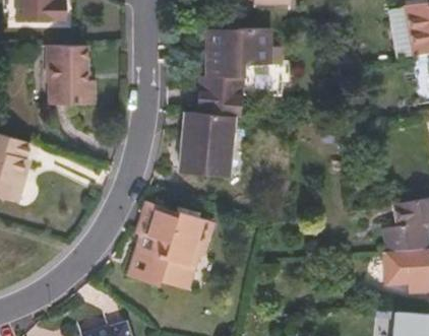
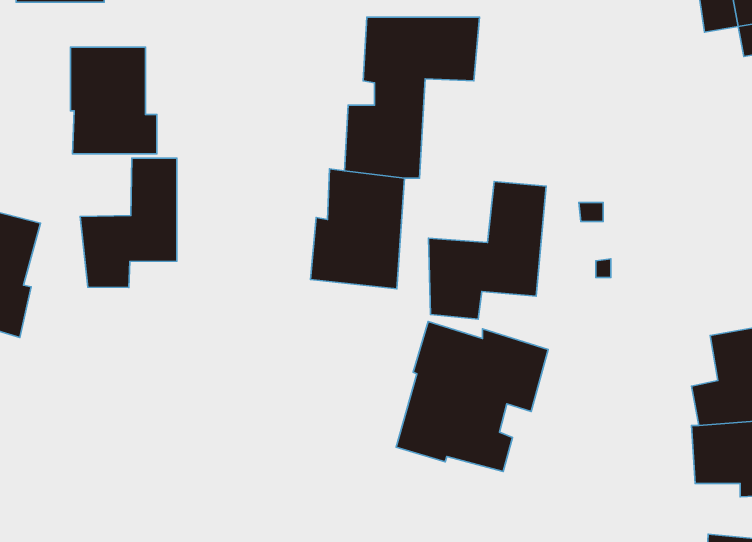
building: none -> [80,158,177,288]
building: none -> [428,181,546,319]
building: [131,207,213,288] -> [396,321,548,471]

